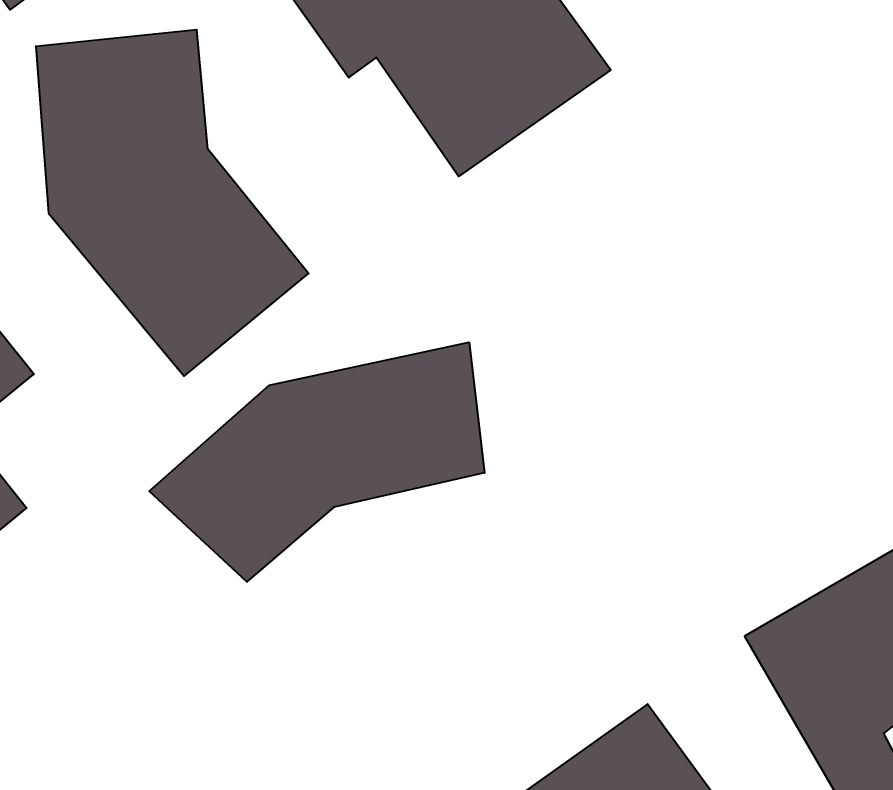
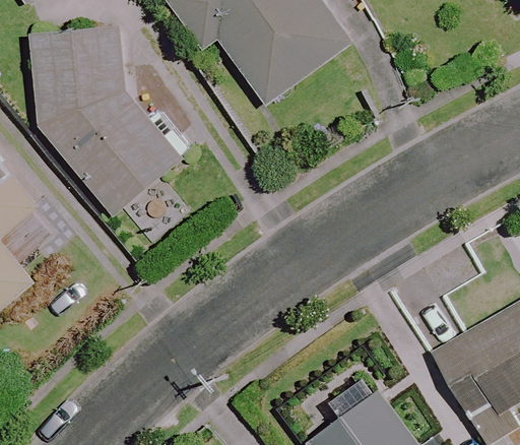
building: [149,342,485,582] -> none

